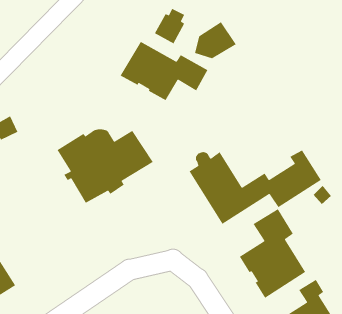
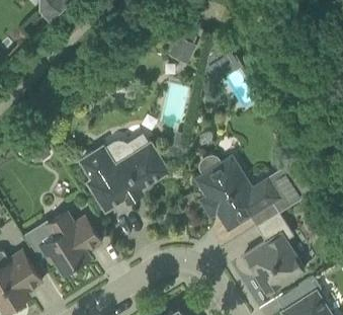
building: [120,41,209,101] -> none
building: none -> [39,212,101,273]

